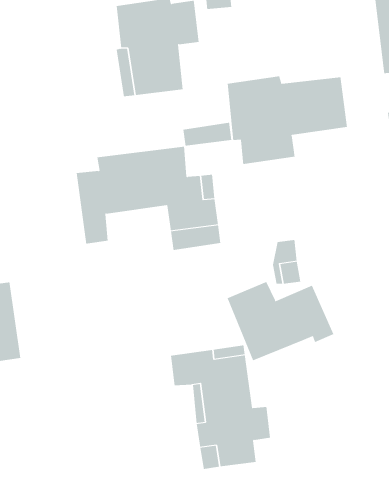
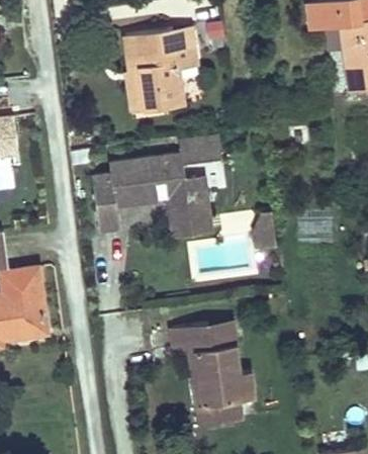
building: [227,76,347,165] -> none
building: [227,281,334,361] -> none

